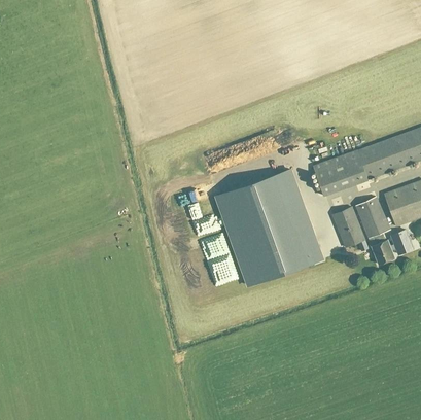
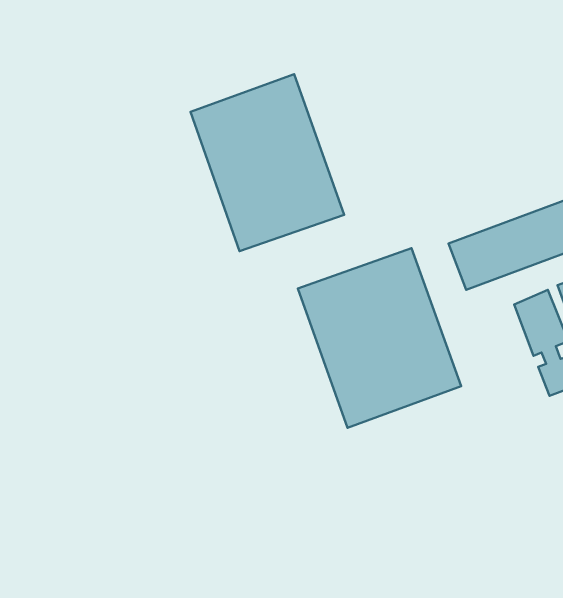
building: none -> [191,74,344,251]
building: [332,207,364,247] -> none

